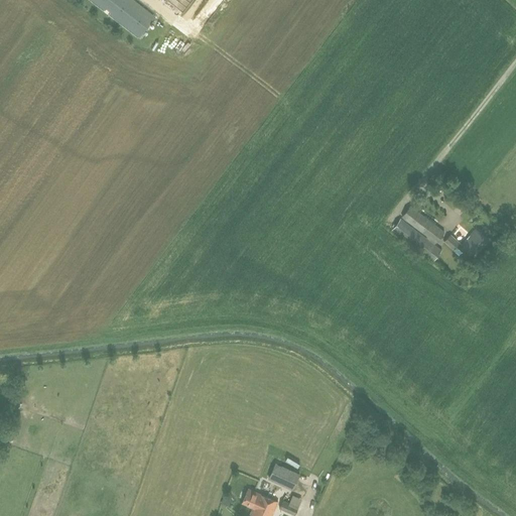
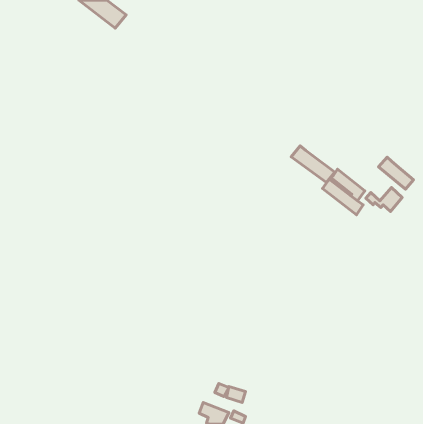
building: none -> [291,146,335,183]
building: none -> [378,157,414,189]

